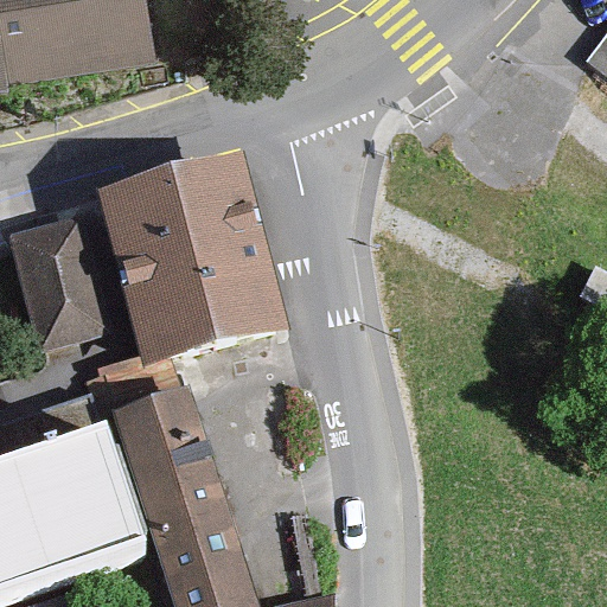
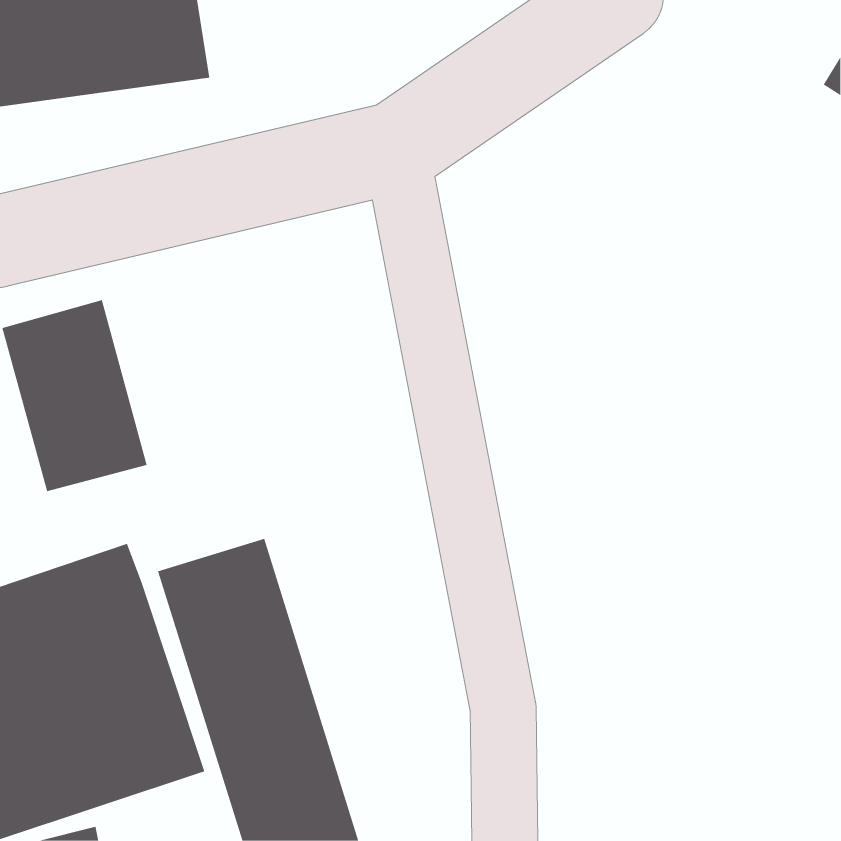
building: [103,177,287,378] -> none

